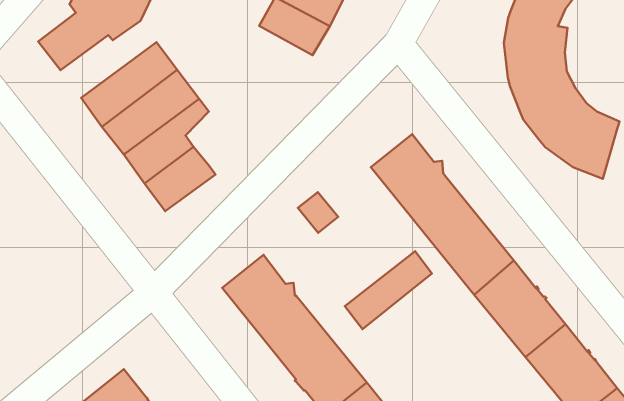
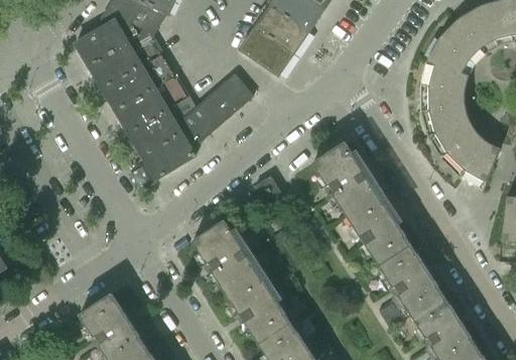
building: none -> [89,35,162,88]
building: none -> [176,75,253,148]
building: [345,251,432,329] -> none

